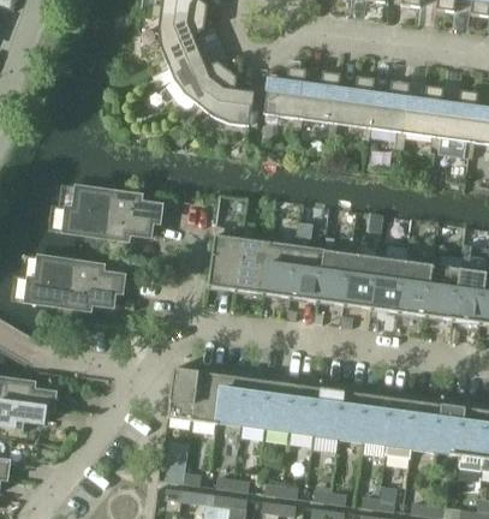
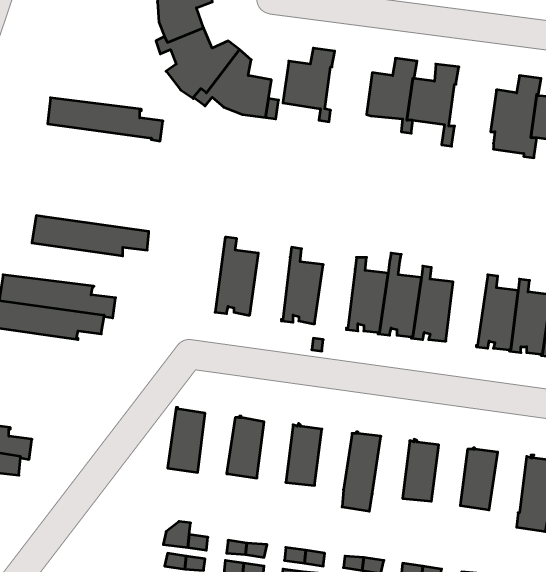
building: [299,71,341,139] -> none
building: [402,85,445,147] -> none
building: [66,186,162,222] -> [48,98,163,141]
building: [235,228,270,293] -> none
building: [290,238,324,300] -> none
building: [399,252,434,315] -> none
building: [193,371,225,423] -> none
building: [243,378,273,429] -> none
building: [291,384,322,435] -> none
building: [339,390,370,442] -> none
building: [387,398,418,458] -> none
building: [436,404,467,454] -> none

